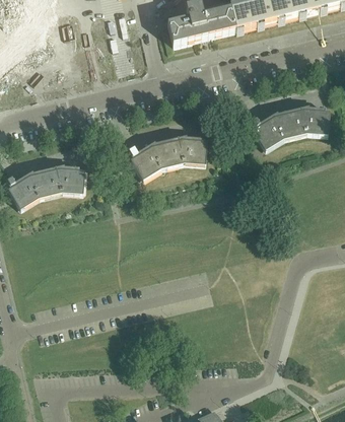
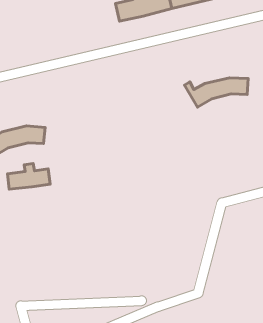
building: [127,141,203,177] -> none
building: none -> [7,164,50,189]

